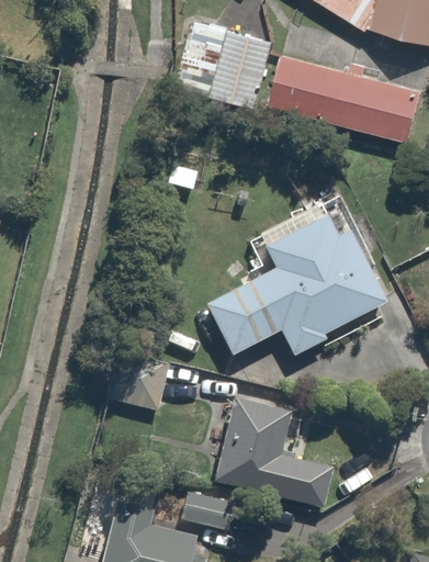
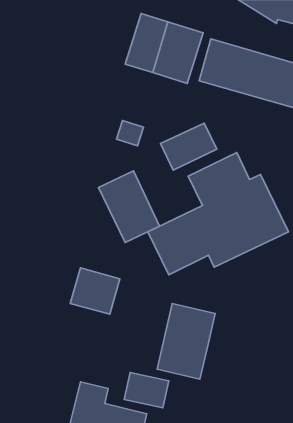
building: none -> [161,123,217,170]
building: none -> [99,171,159,243]
building: [270,453,332,510] -> none

